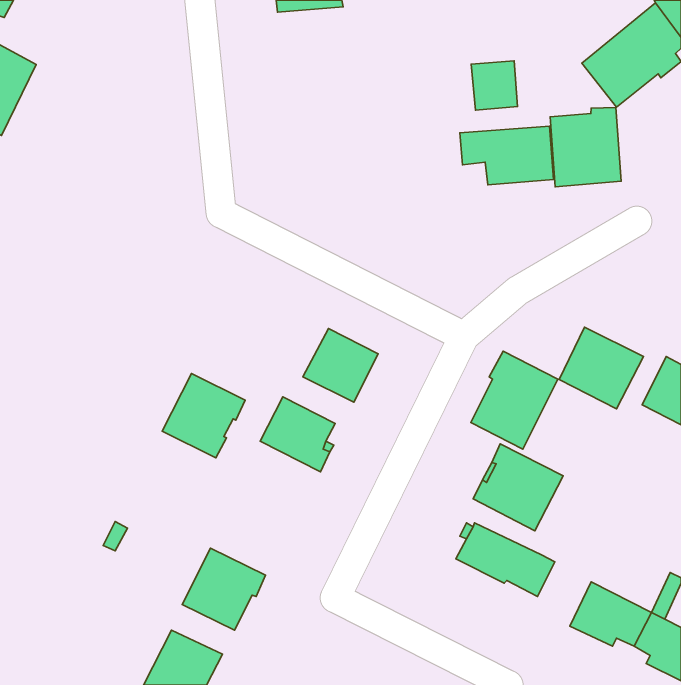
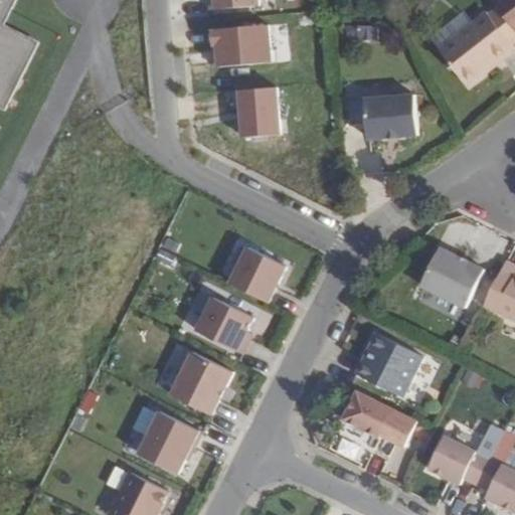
building: none -> [210,25,270,66]
building: [471,61,518,110] -> none
building: [550,108,621,187] -> none
building: none -> [231,88,280,138]
building: [471,351,558,449] -> none
building: [162,373,245,458] -> [169,351,231,414]

